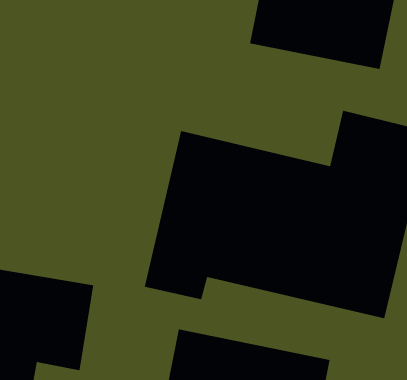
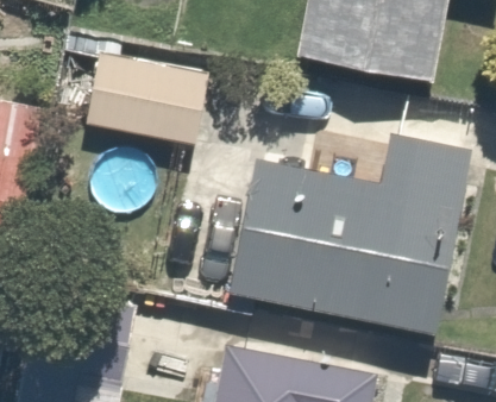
building: none -> [87,46,215,146]

